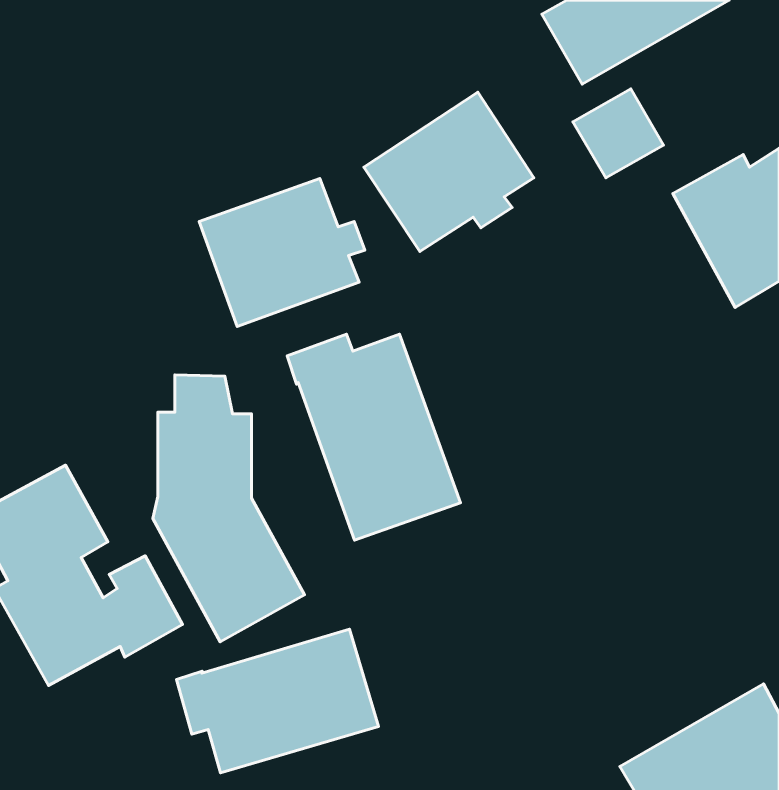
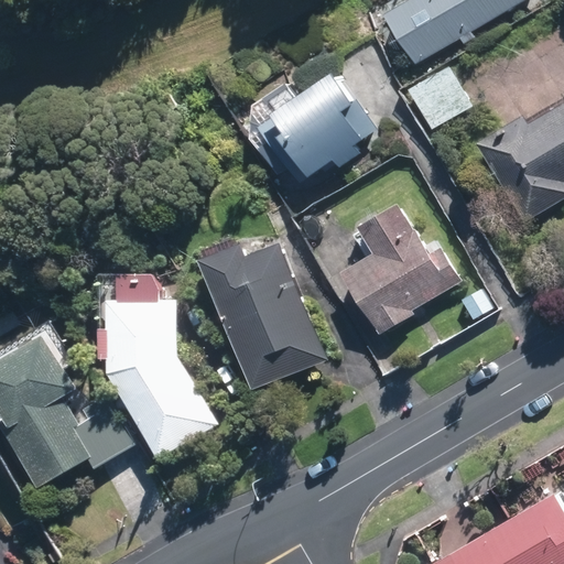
building: [199,179,365,326] -> none
building: none -> [343,203,458,335]
building: [176,629,379,773] -> none

